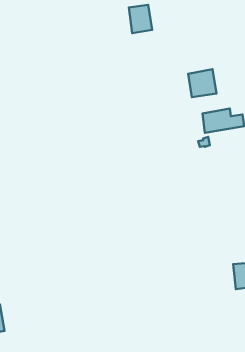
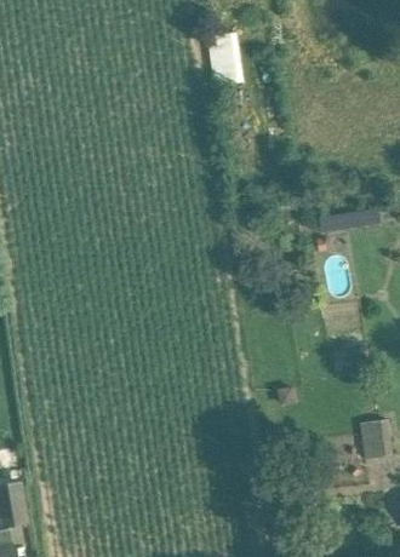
building: [188,69,217,97] -> none

